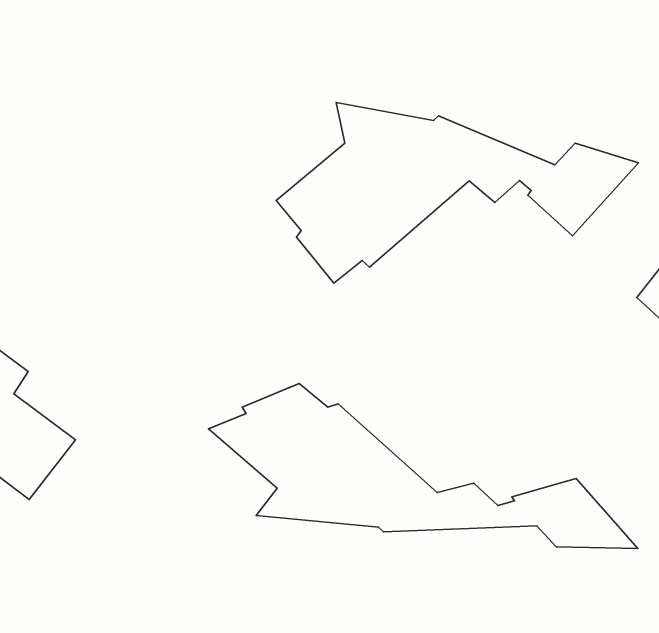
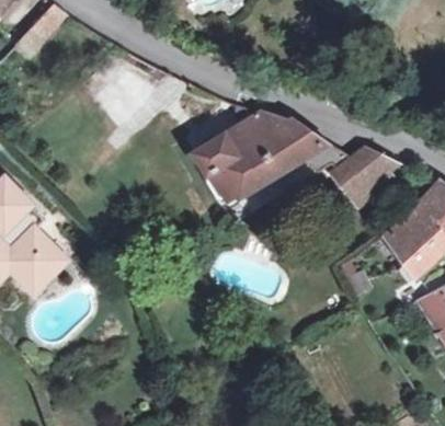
building: [208,383,638,549] -> none

